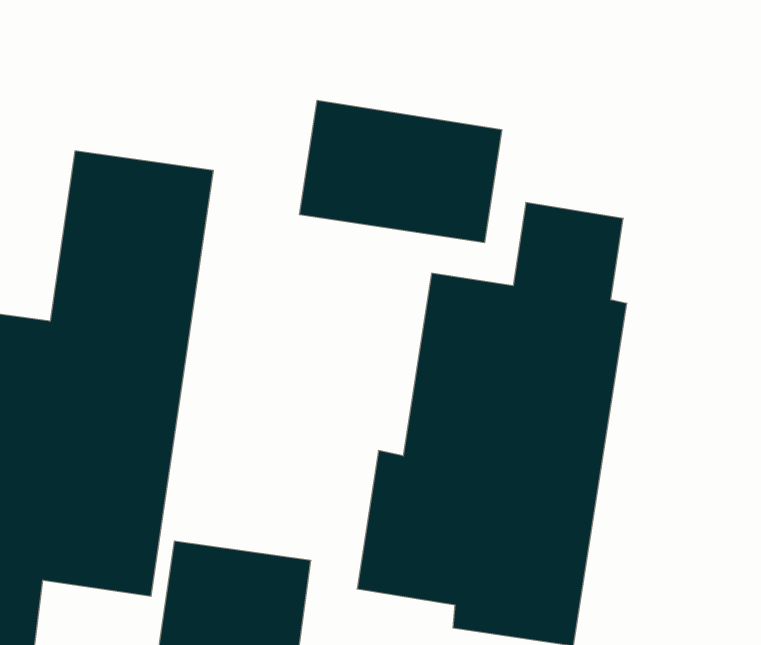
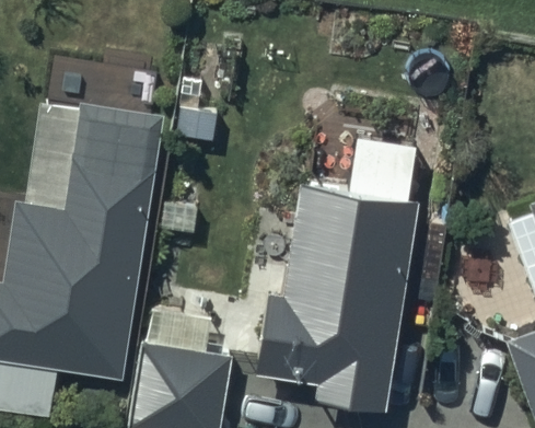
building: [299,100,502,243] -> none

